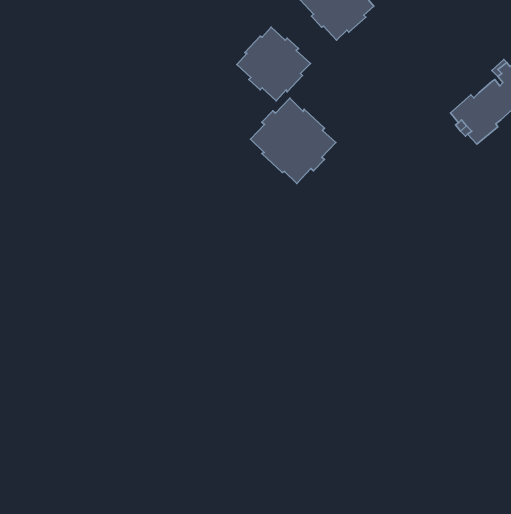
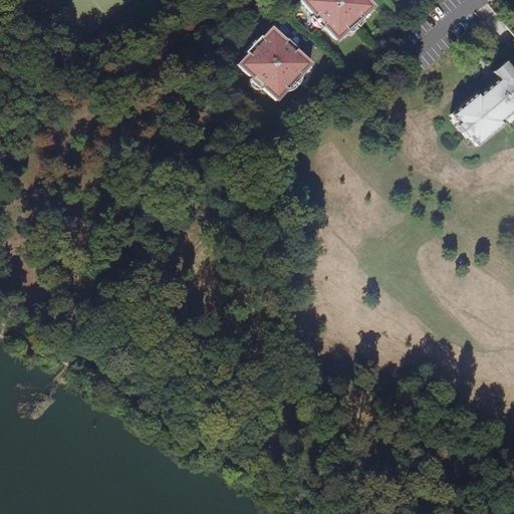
building: [250,98,336,183] -> none

